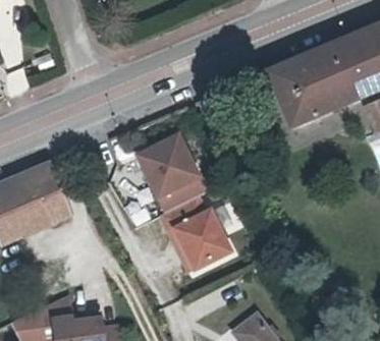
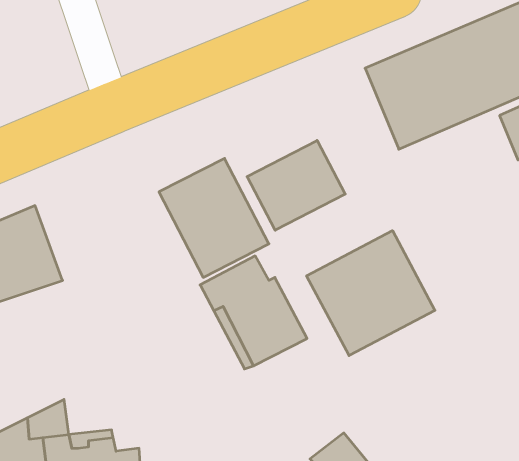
building: none -> [247,140,345,230]
building: none -> [307,231,435,356]

